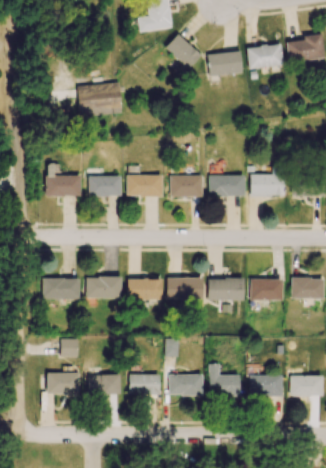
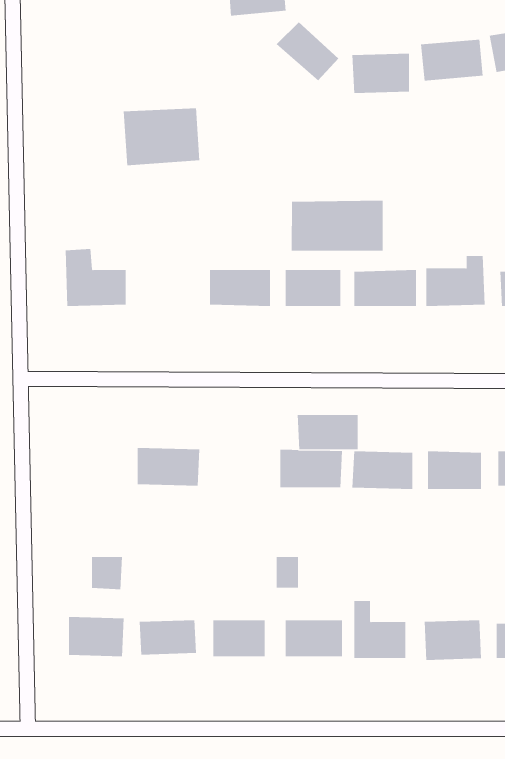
building: none -> [291,200,383,252]
building: [89,175,122,196] -> none
building: [43,278,81,299] -> none
building: [128,279,163,299] -> [297,414,358,450]

